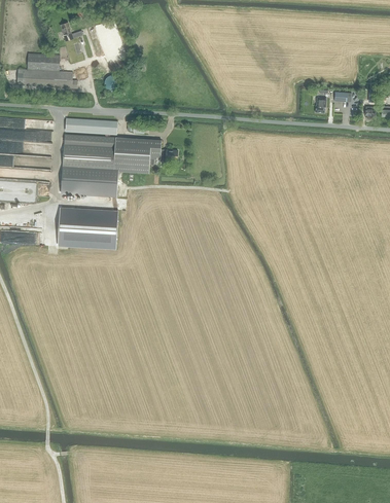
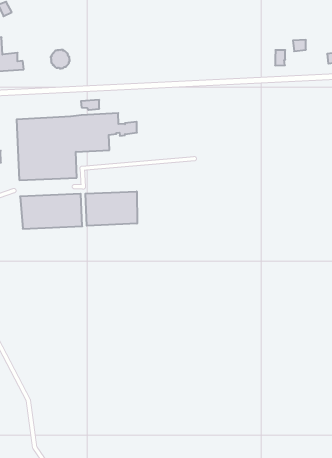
building: [66,118,118,136] -> none
building: none -> [85,191,137,226]

